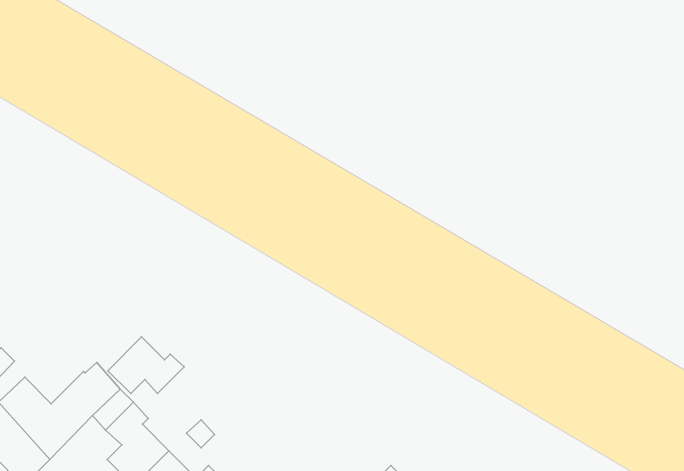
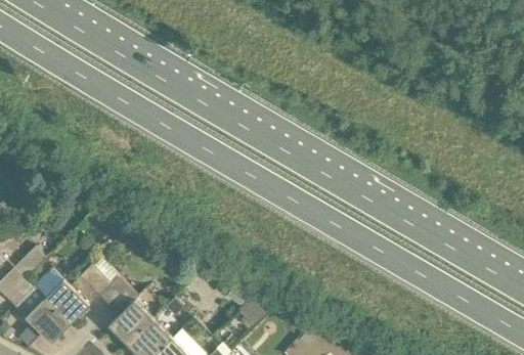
building: [108,337,184,394] -> none

